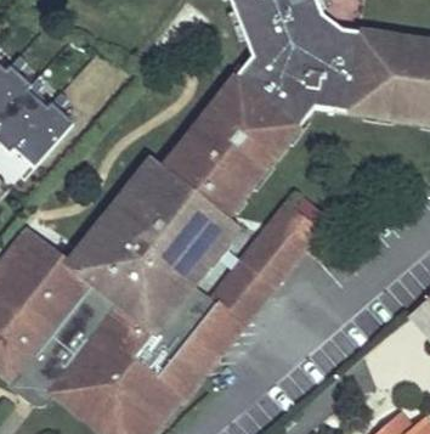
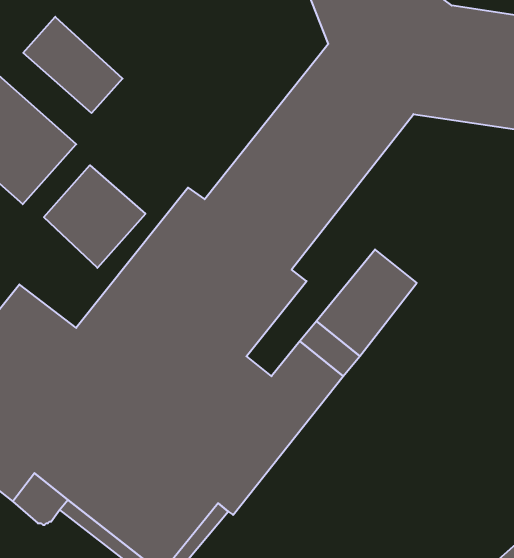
building: none -> [23,17,123,113]
building: none -> [44,165,145,268]

